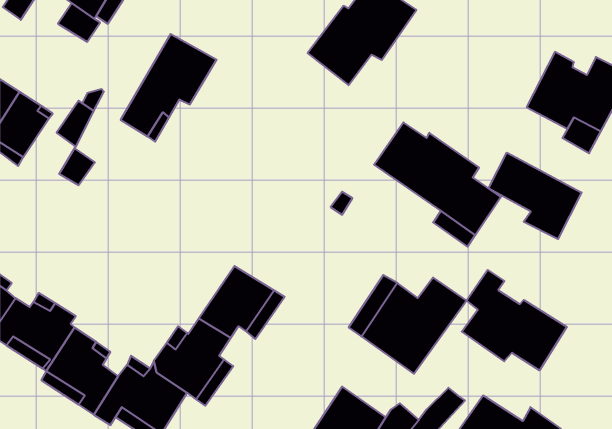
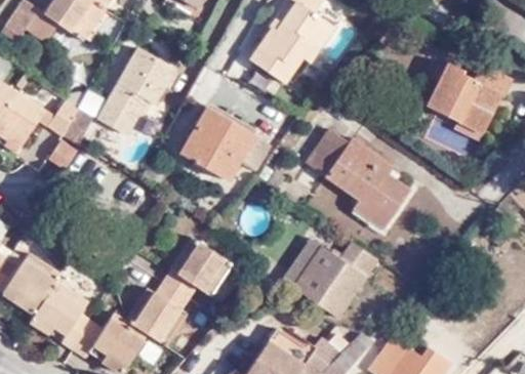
building: none -> [188,102,274,177]
building: [489,153,582,239] -> none
building: [462,270,567,370] -> none

